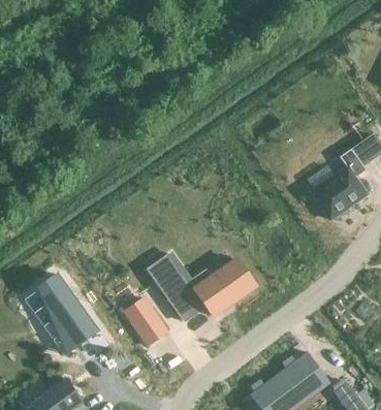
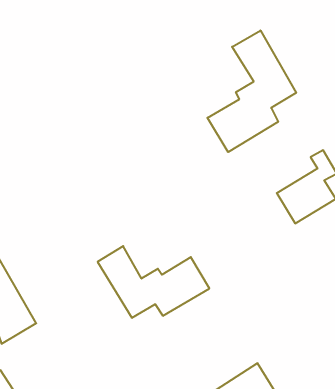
building: none -> [207,30,296,152]
building: [124,297,167,345] -> none

